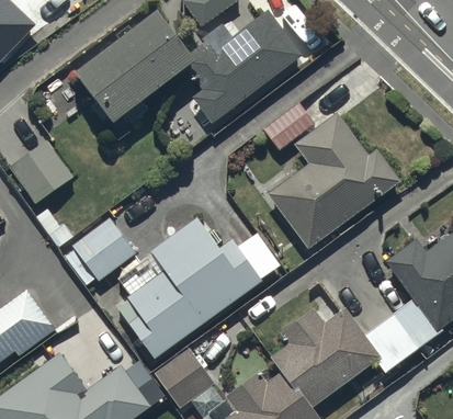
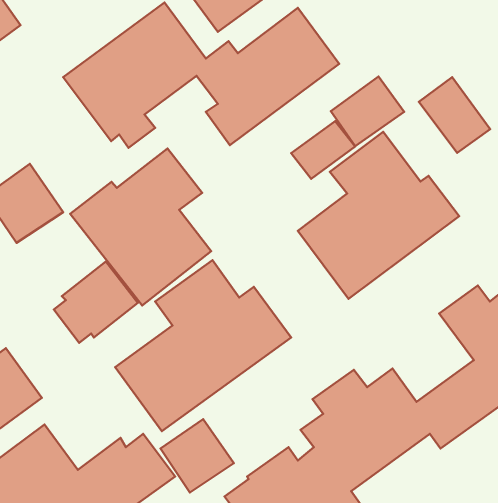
building: none -> [331,77,404,146]
building: none -> [419,77,490,153]
building: none -> [70,148,211,306]

